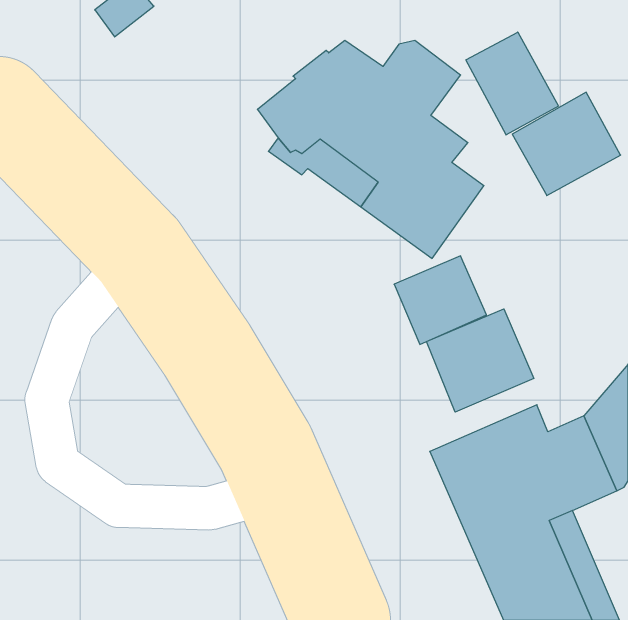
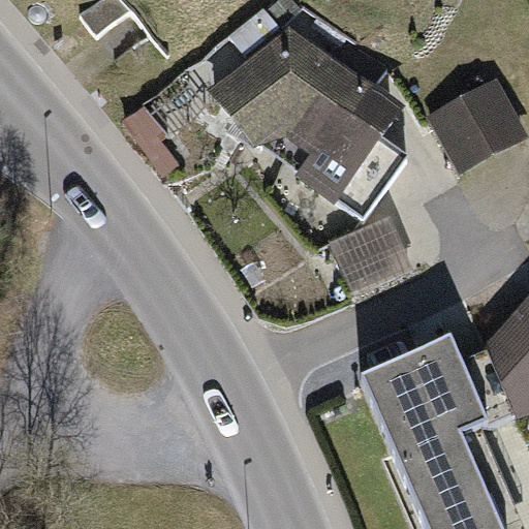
building: [466,32,558,135] -> none
building: [426,309,534,412] -> none

